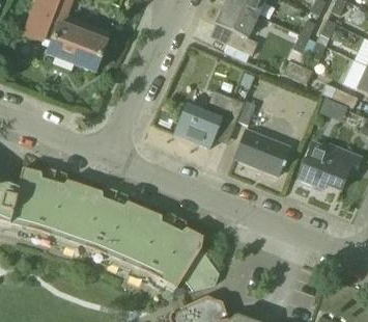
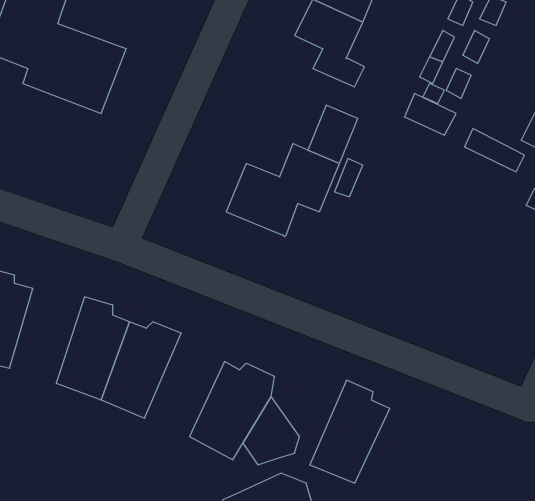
building: [233,129,288,176] -> none
building: [298,141,360,189] -> none
building: [37,180,84,240] -> none
building: [121,209,171,273] -> [310,380,390,483]

